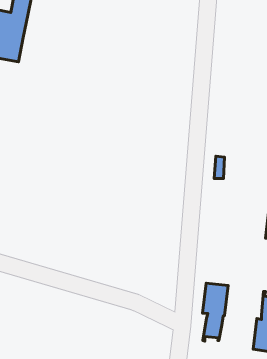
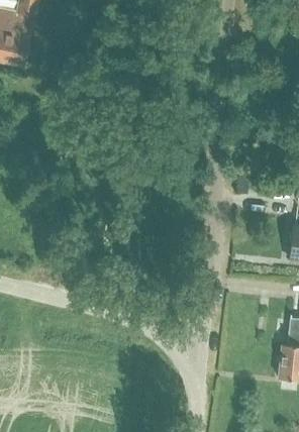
building: [202,283,228,341] -> none

